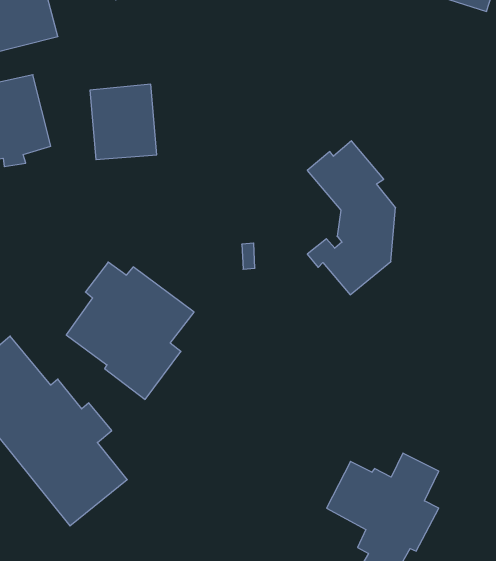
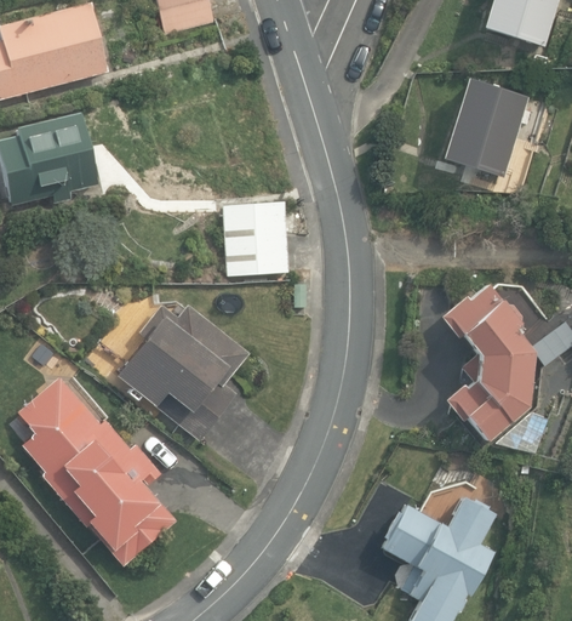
building: none -> [442,76,528,177]
building: [90,84,157,160] -> [221,201,288,278]
building: [307,141,396,295] -> [444,284,533,440]

